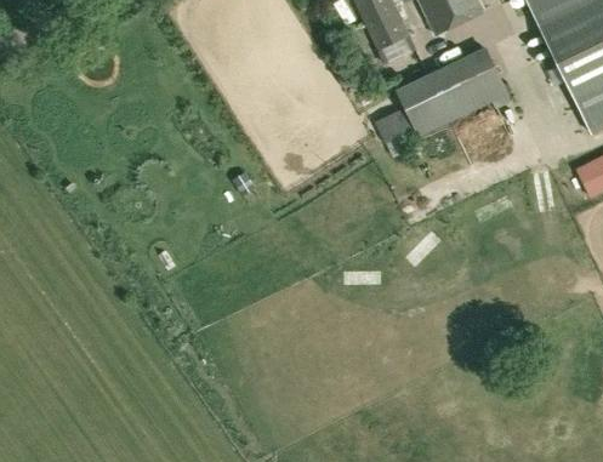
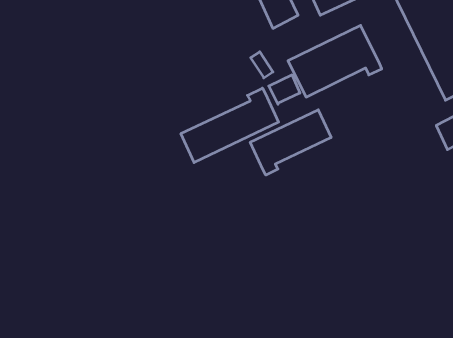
building: none -> [181,88,279,163]
building: none -> [250,110,331,175]

